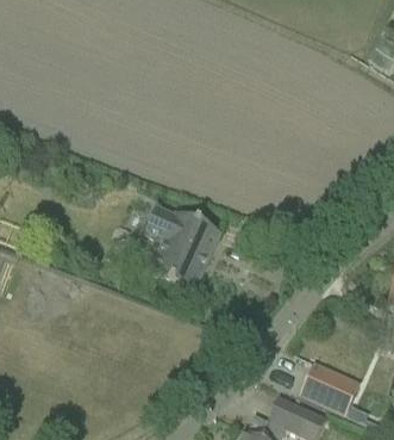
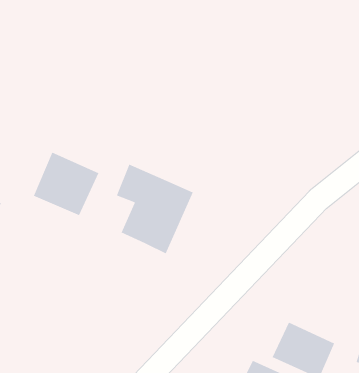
building: none -> [33,152,100,216]

